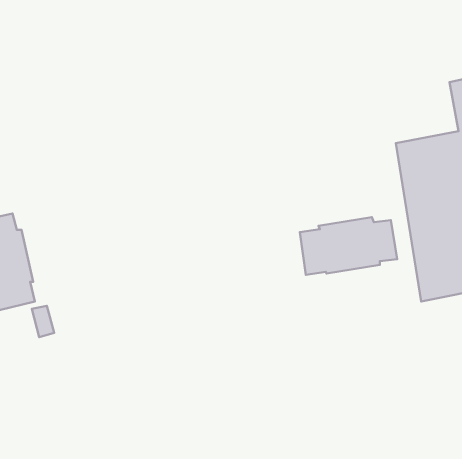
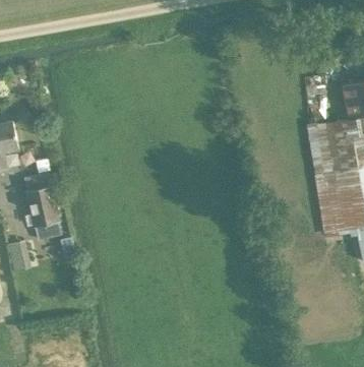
building: [300,217,397,275] -> none

